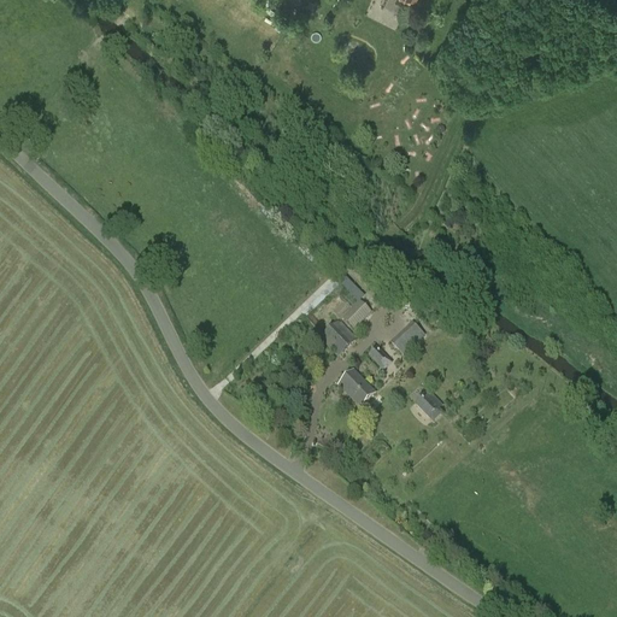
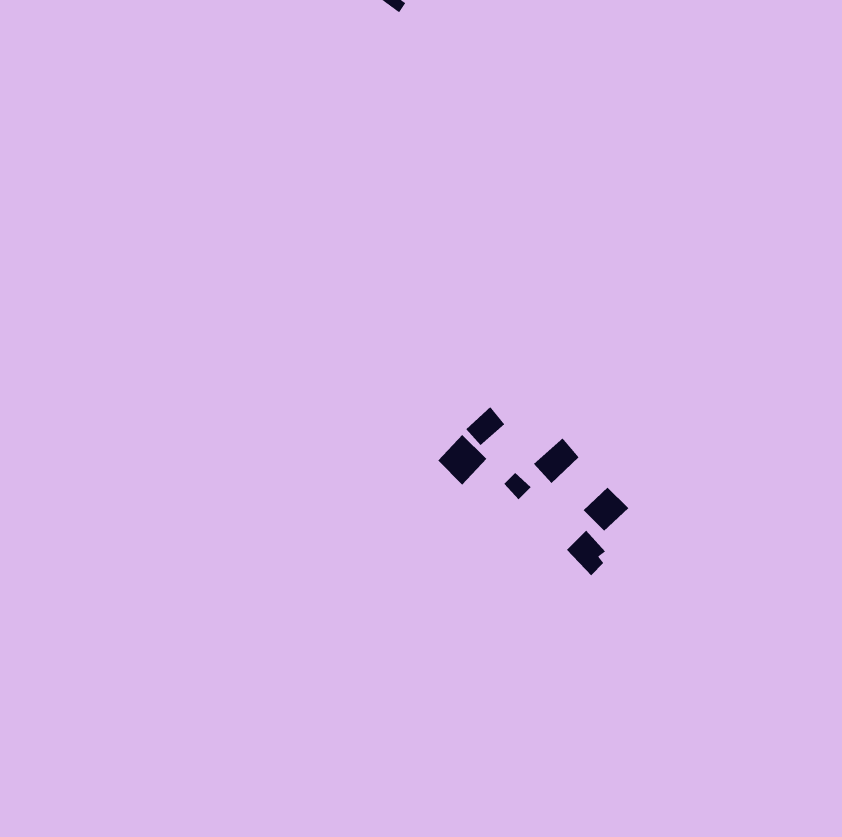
building: none -> [583,487,629,532]
building: [337,368,375,405] -> none

